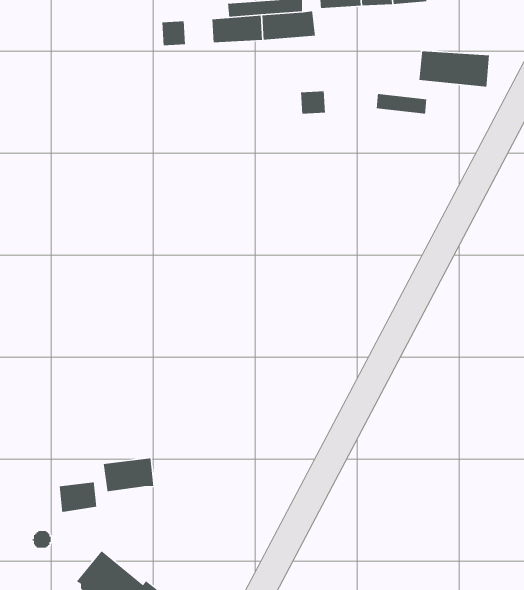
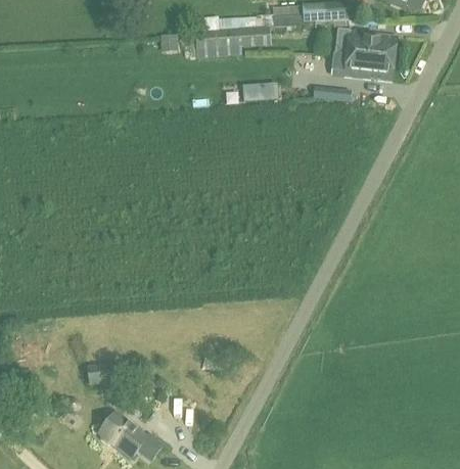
building: none -> [332,32,397,57]
building: [103,458,154,492] -> none

